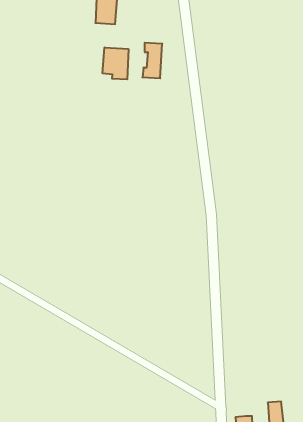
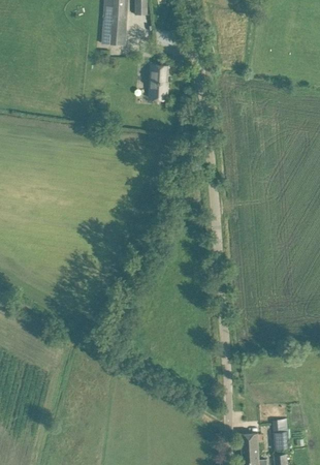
building: [103,47,128,79] -> none

